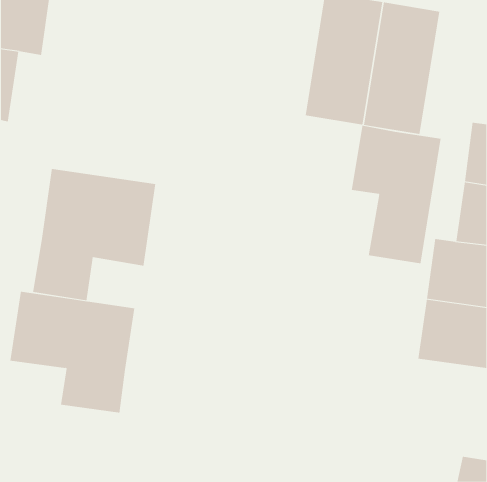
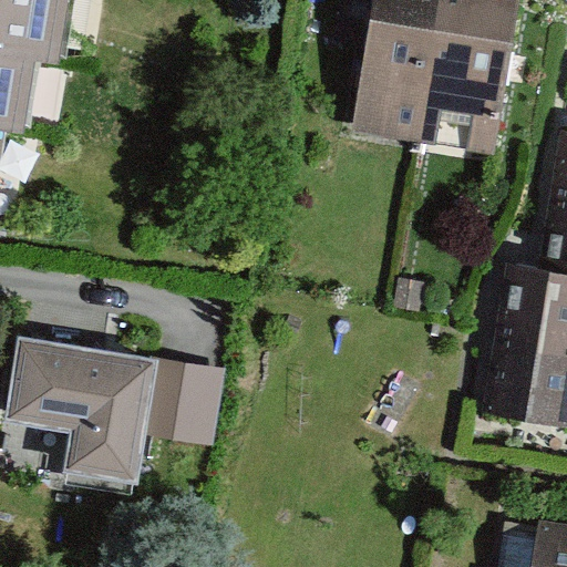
building: [351,125,441,264] -> none
building: [33,168,156,301] -> none
building: none -> [146,358,226,439]

